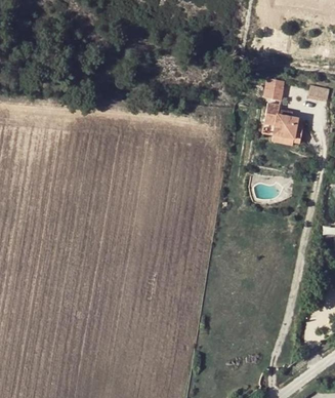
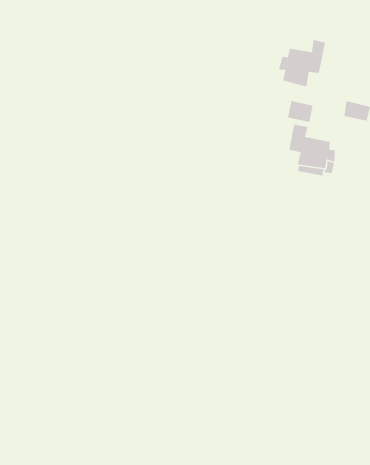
building: none -> [278,39,326,87]

